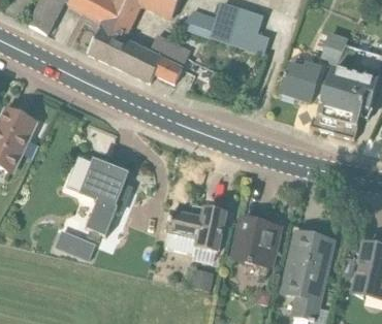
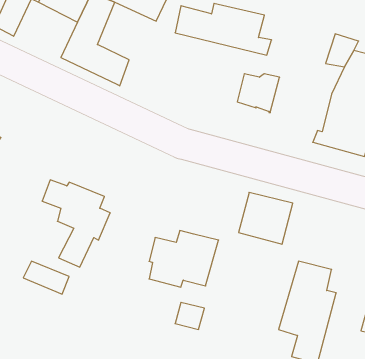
building: [139,34,191,83] -> none
building: [281,67,318,101] -> [237,74,280,113]
building: [232,218,280,263] -> [239,192,293,244]

